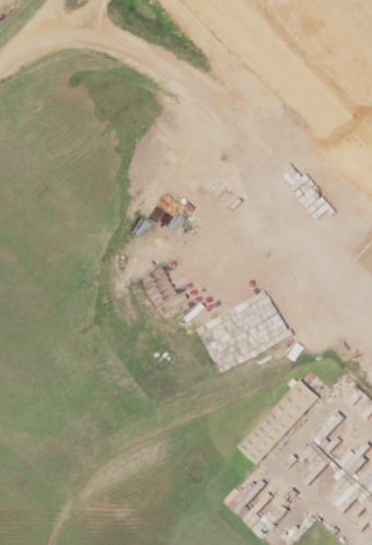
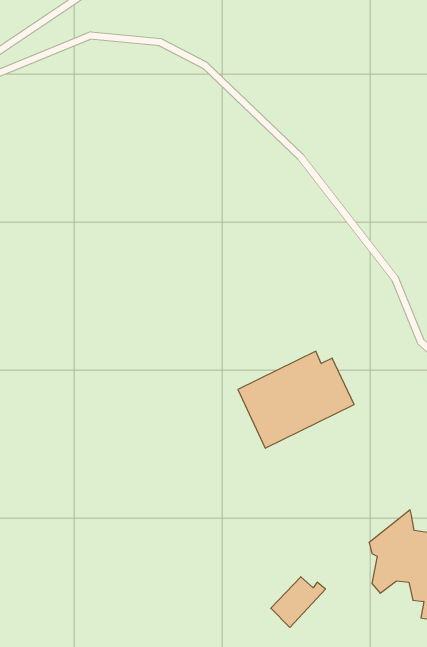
building: [235,378,319,463] -> none

